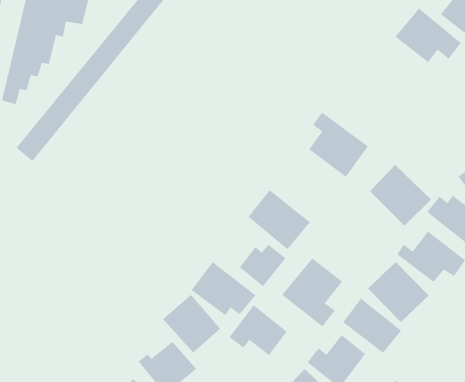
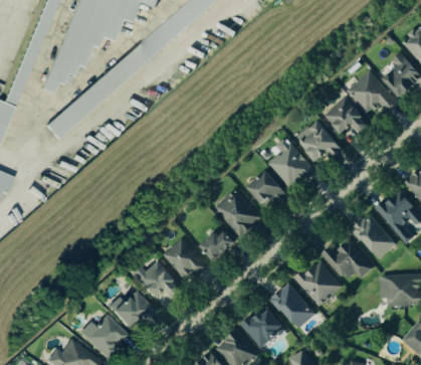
building: none -> [325,96,372,135]
building: none -> [251,171,286,206]
building: [369,164,432,227] -> [296,119,343,167]
building: [281,258,343,328] -> none
building: [228,304,288,356] -> none

